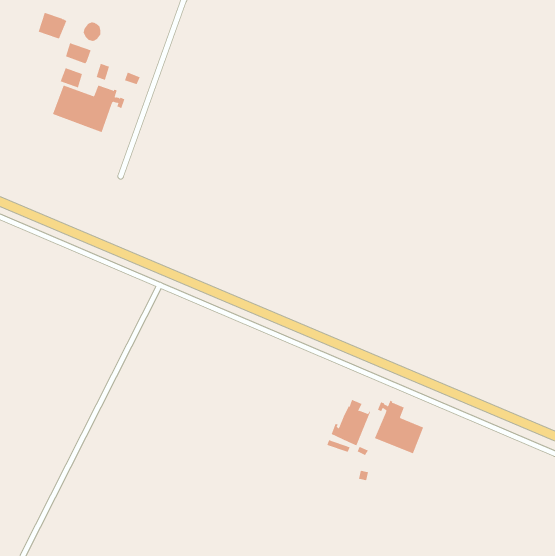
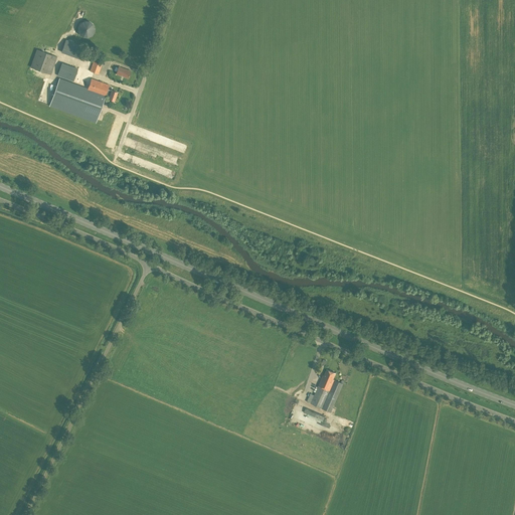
building: [38,12,67,39] -> [29,49,56,74]
building: [374,400,424,454] -> none

